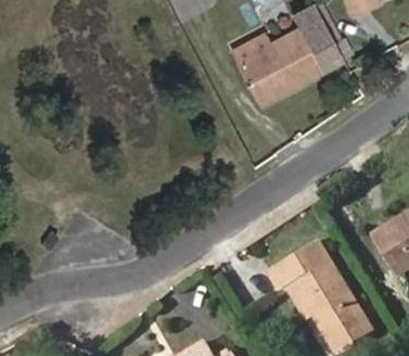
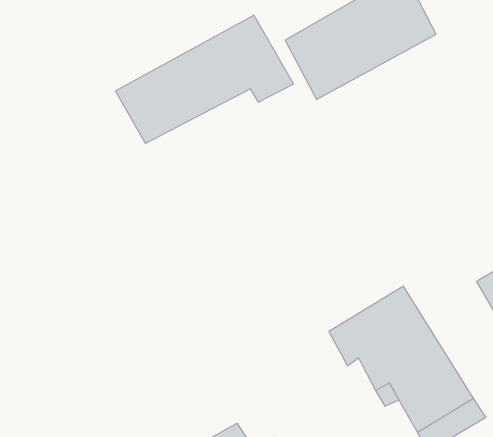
building: none -> [115,15,294,143]

